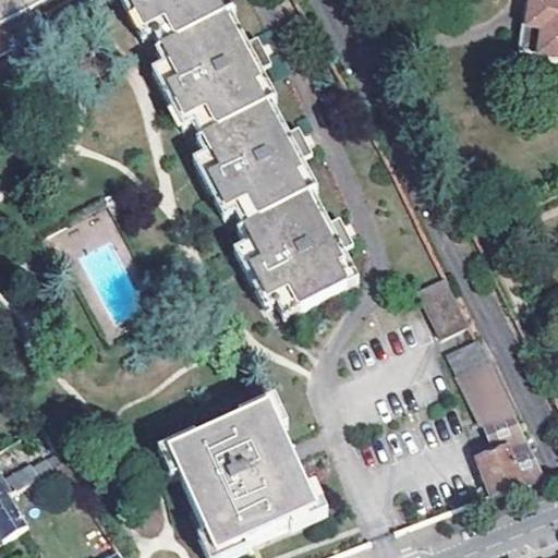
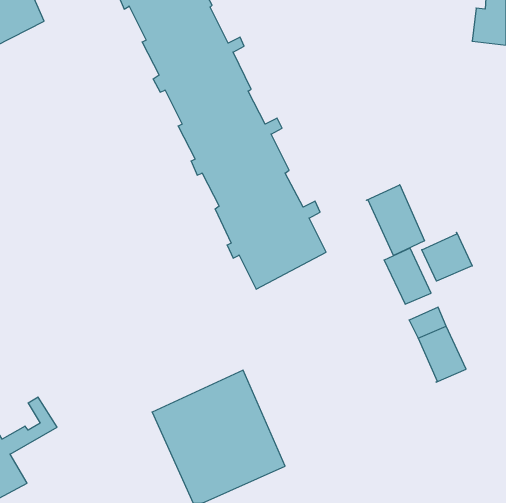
building: none -> [366,185,424,256]
building: none -> [422,232,472,281]
building: [472,402,538,492] -> none

